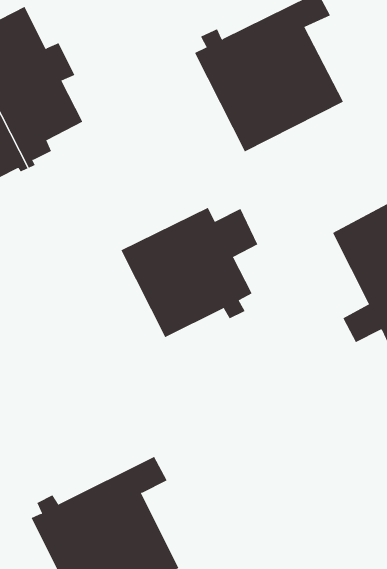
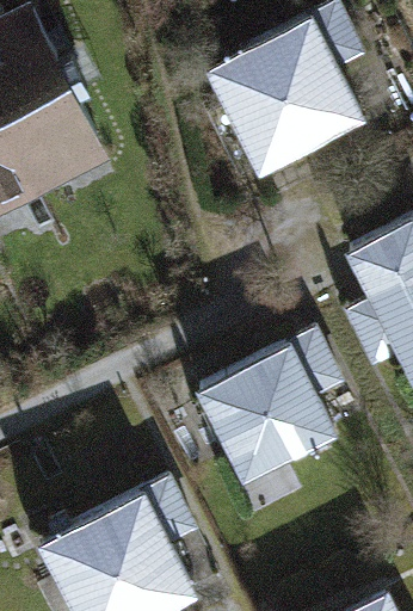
building: [121,207,258,338] -> [199,347,340,481]

